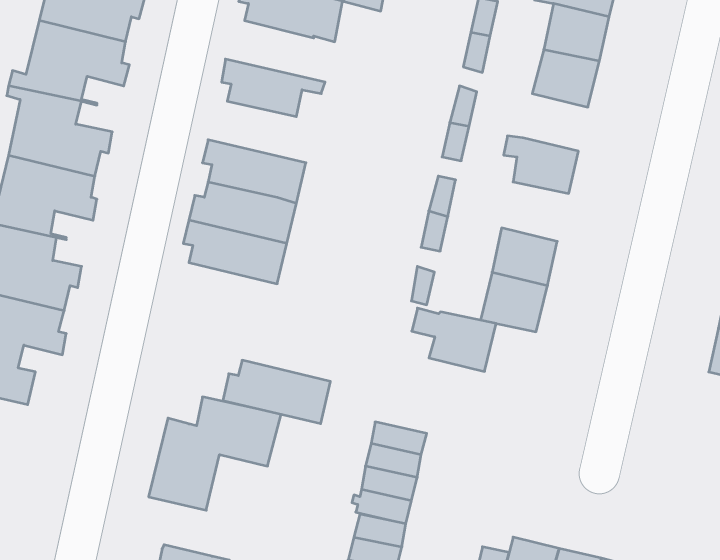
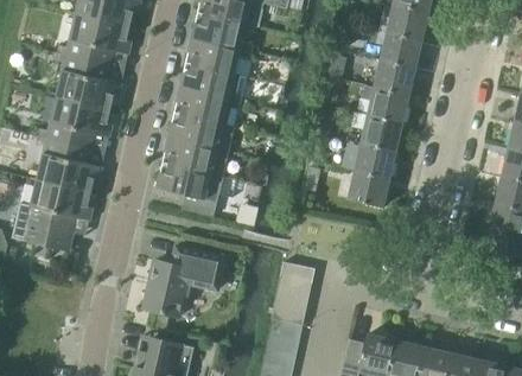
building: none -> [190,14,253,52]
building: none -> [374,59,414,95]
building: none -> [179,64,246,102]
building: [412,308,496,371] -> [350,111,402,151]
building: [223,360,330,424] -> [155,164,222,203]

